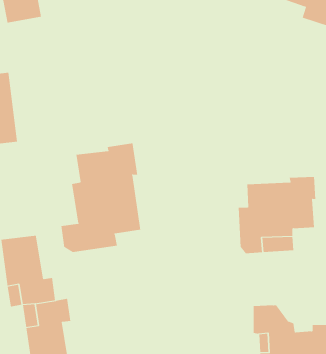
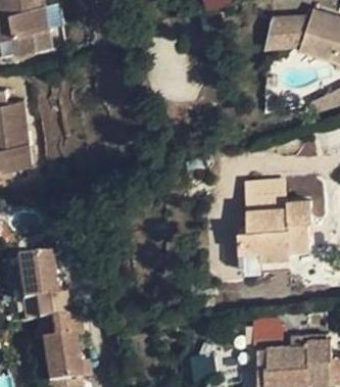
building: [61,143,141,253] -> none
building: none -> [244,180,286,206]

